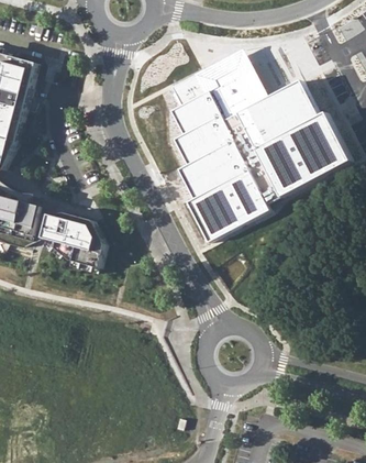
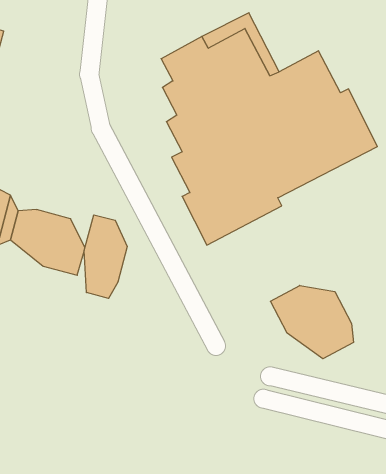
building: none -> [84,215,127,298]
building: none -> [270,285,353,359]

